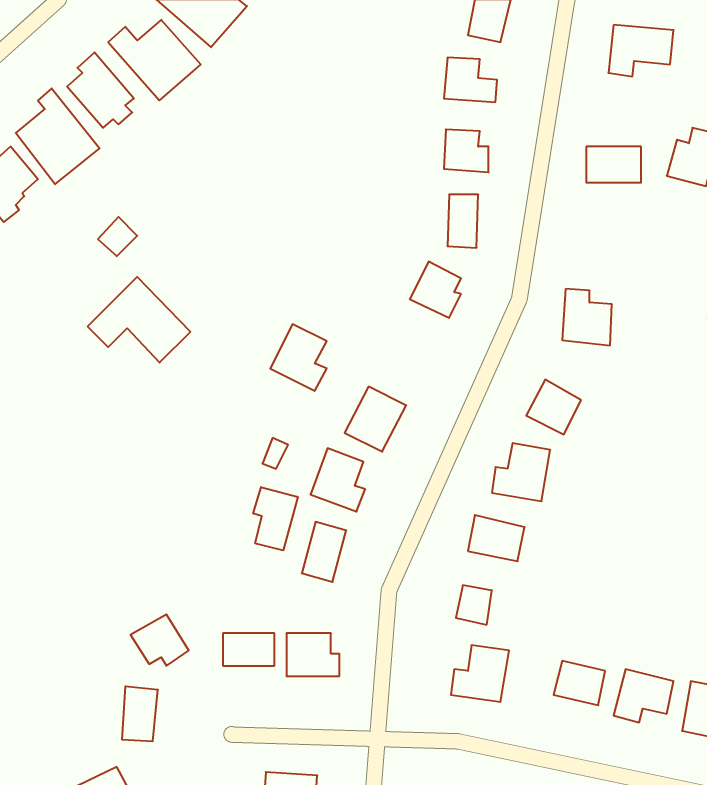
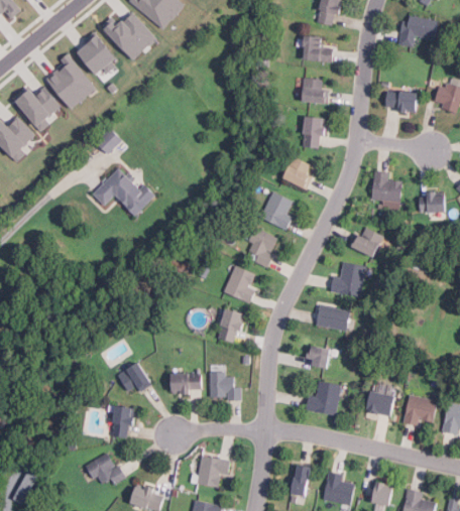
building: [270,324,327,391] -> [259,190,293,230]
building: none -> [419,193,446,213]
building: [253,487,298,550] -> none

